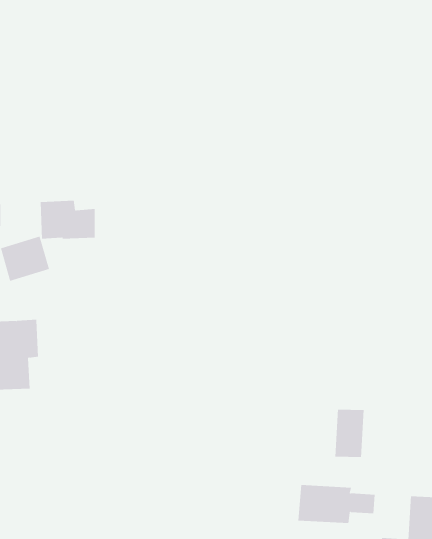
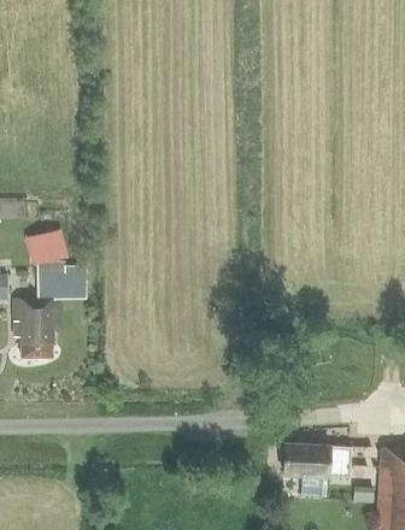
building: [40,200,95,239] -> [39,265,87,299]
building: [335,409,364,458] -> none

